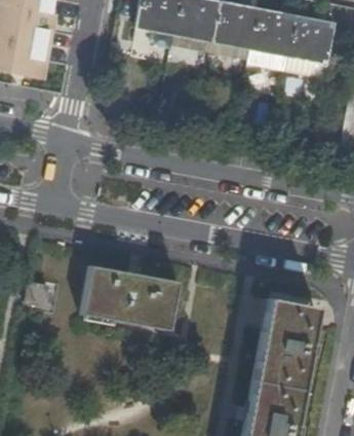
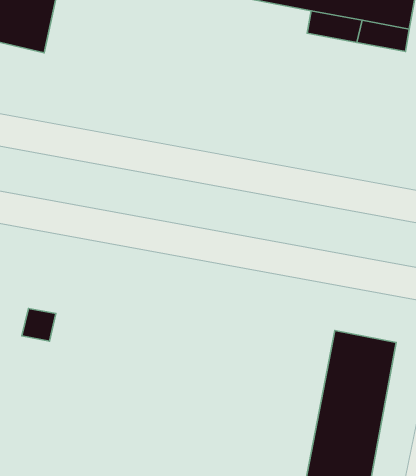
building: [80,263,180,331] -> none

